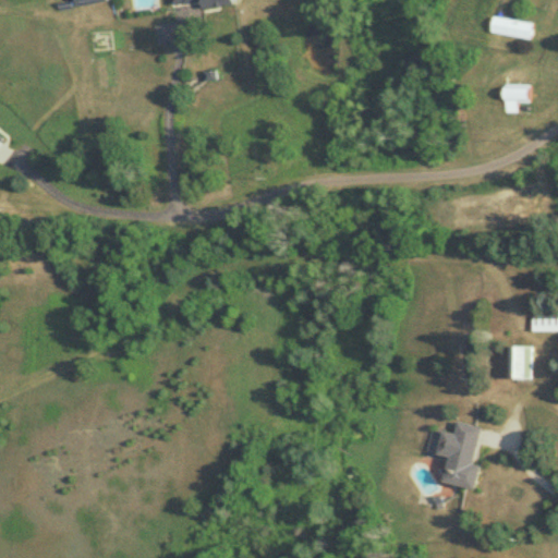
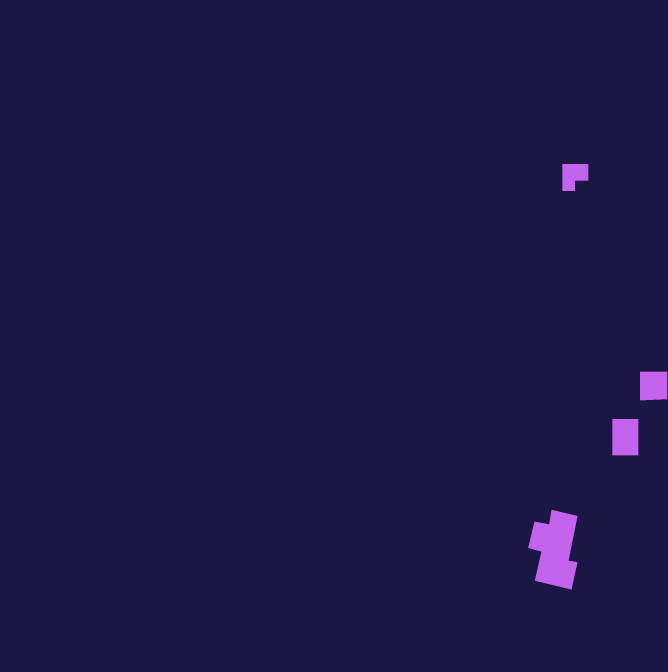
building: [490,17,532,39] -> none
building: [504,87,526,111] -> [561,163,589,192]

